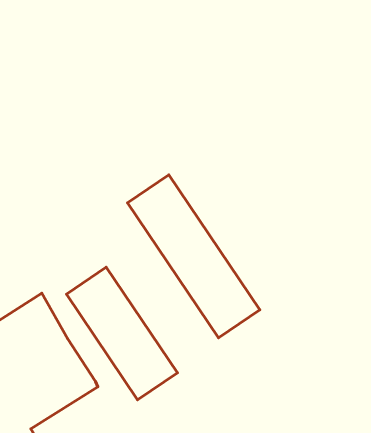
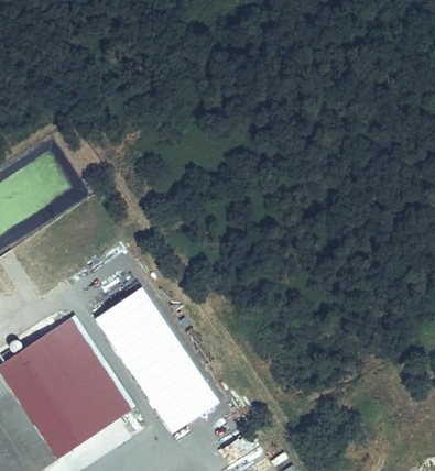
building: [127,175,260,338] -> none

